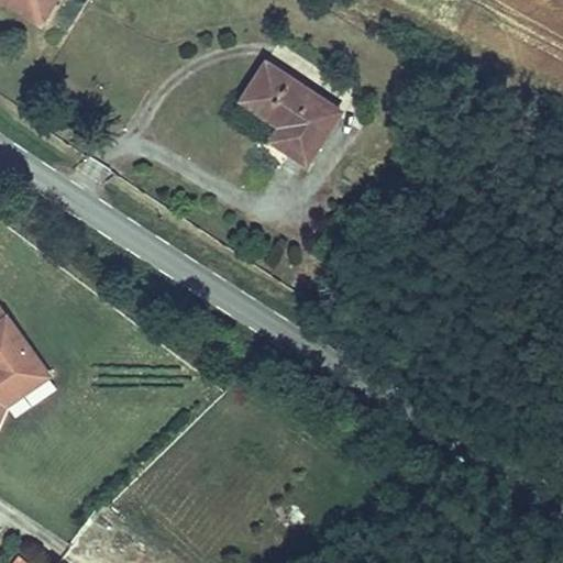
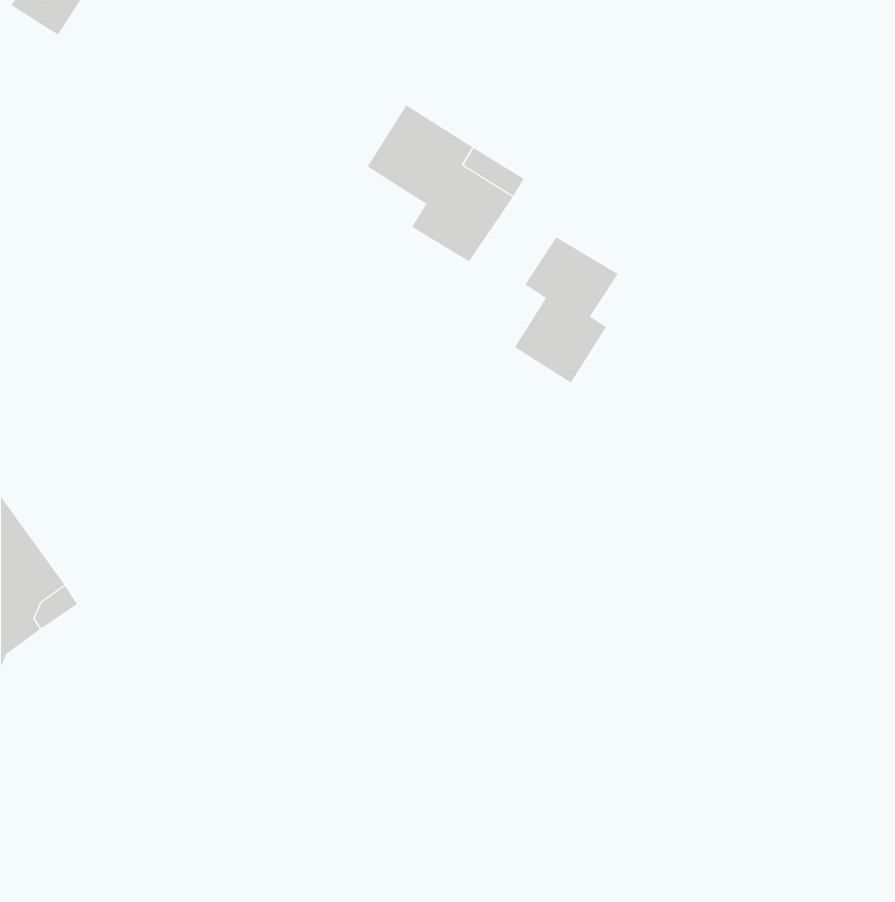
building: none -> [514,237,618,383]

